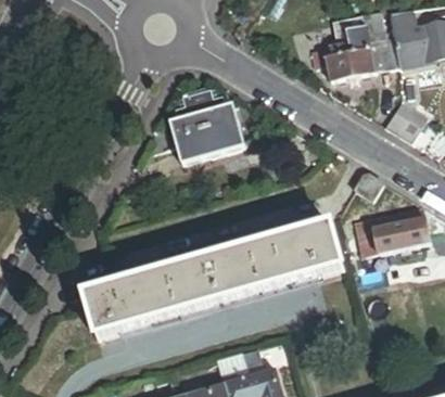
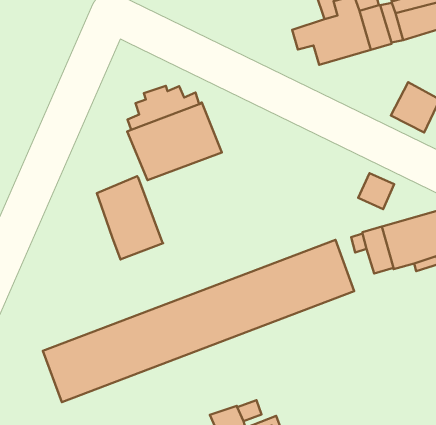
building: none -> [97,176,163,260]

